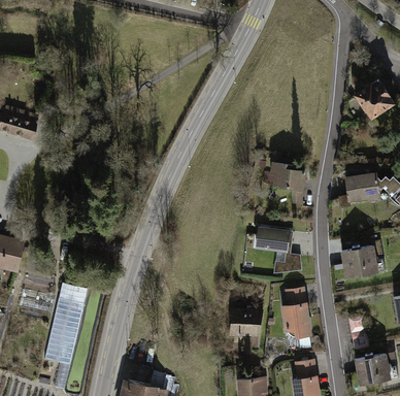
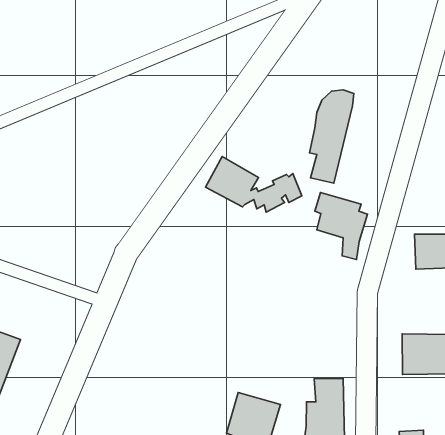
building: none -> [310,90,354,183]
building: none -> [205,156,302,212]
building: [256,224,303,272] -> none

